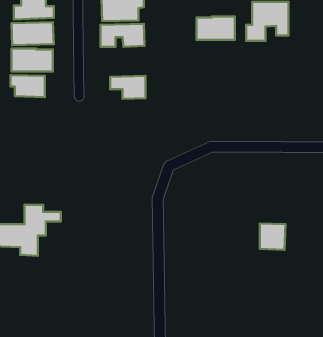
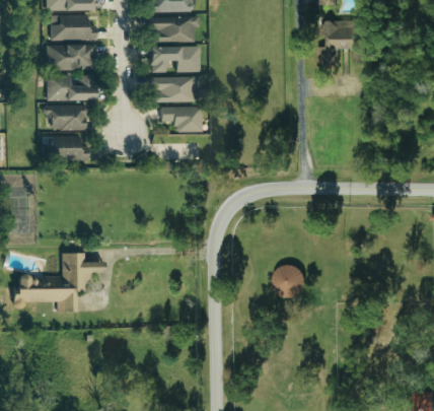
building: [196,16,235,40] -> none
building: none -> [151,76,201,102]
building: none -> [43,135,88,160]
building: [260,223,285,250] -> [275,265,304,295]

